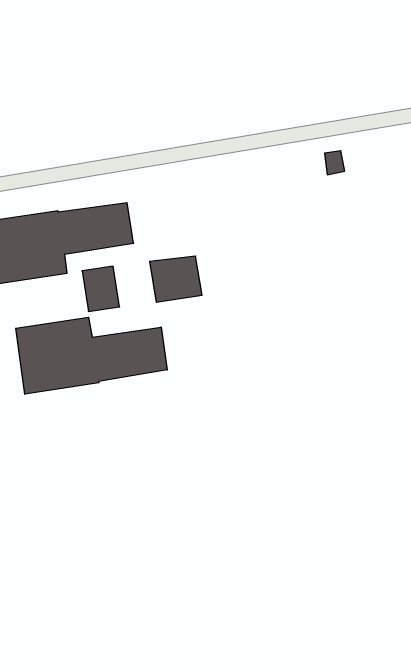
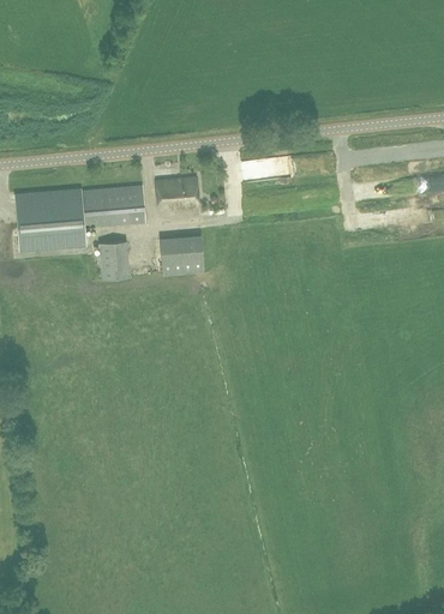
building: none -> [155,176,199,209]
building: [16,317,167,394] -> none

